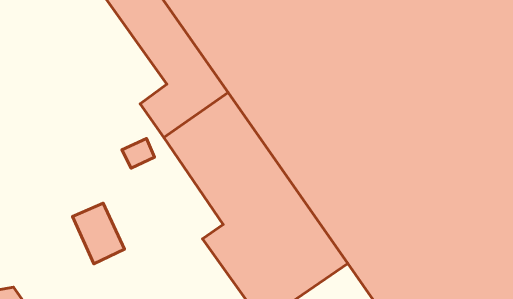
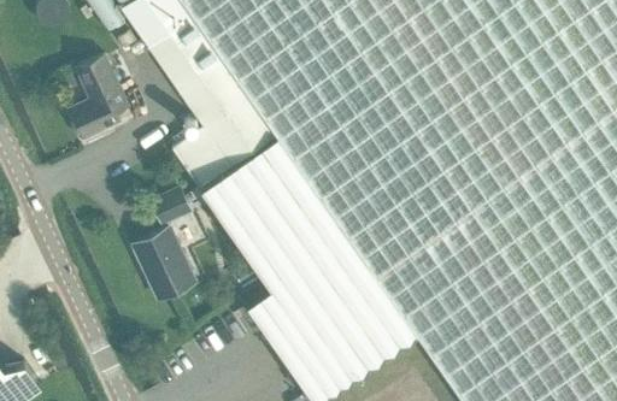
building: none -> [69,54,128,137]
building: [72,203,125,264] -> [133,228,194,299]

